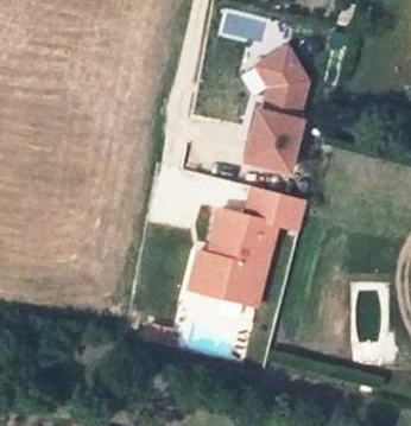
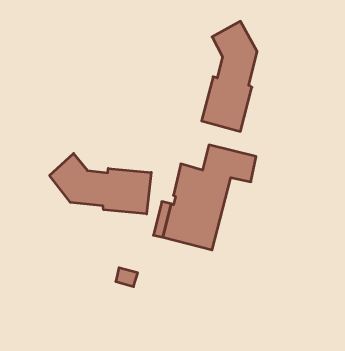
building: none -> [50,153,151,214]

